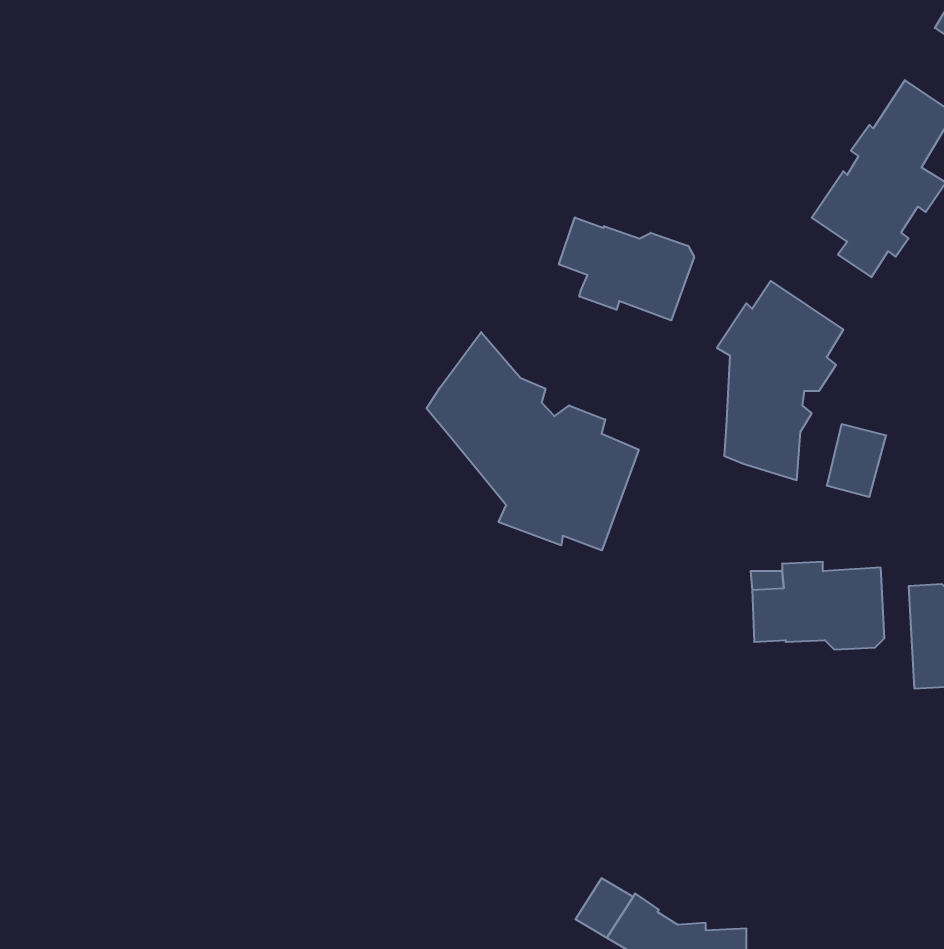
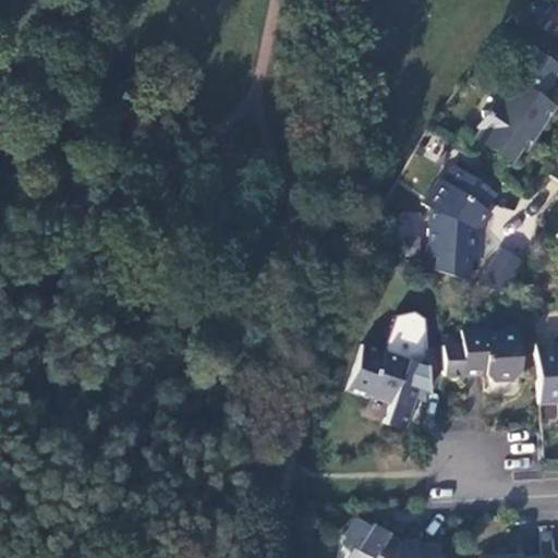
building: [559,217,694,320] -> none
building: [427,332,639,550] -> none
building: none -> [349,314,430,430]

